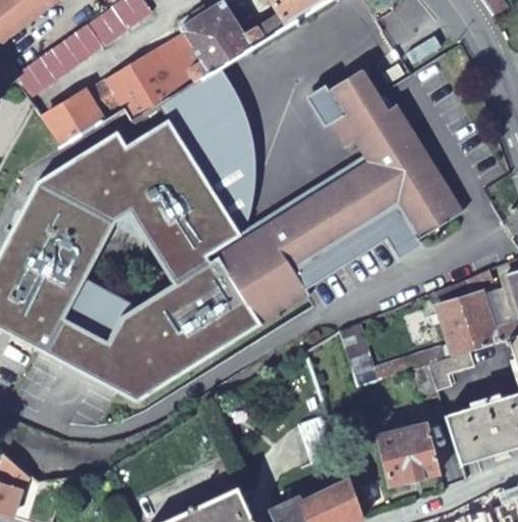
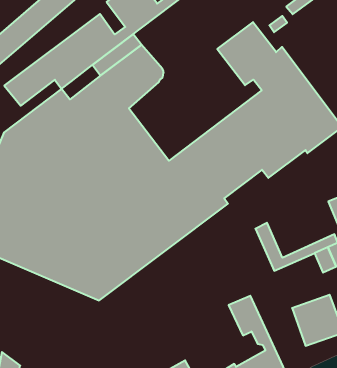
building: [196,116,257,233] -> none

